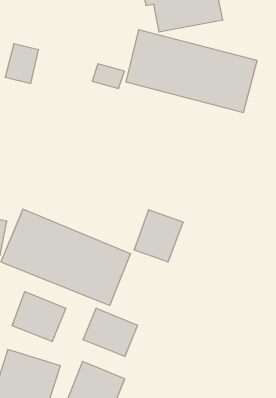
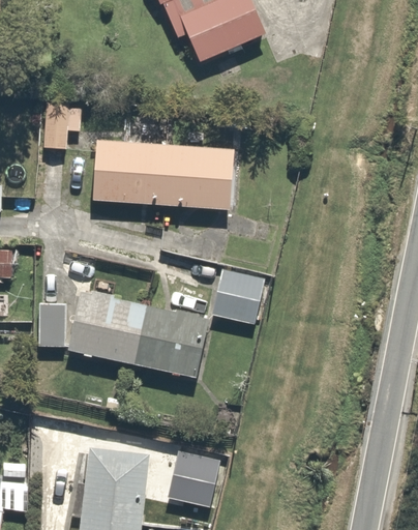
building: [126,30,257,112] -> [91,140,234,212]
building: [12,292,66,342] -> none
building: [83,308,138,356] -> none

